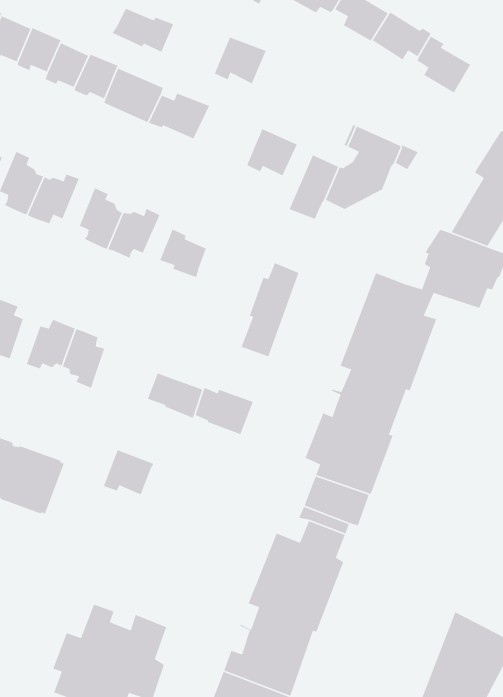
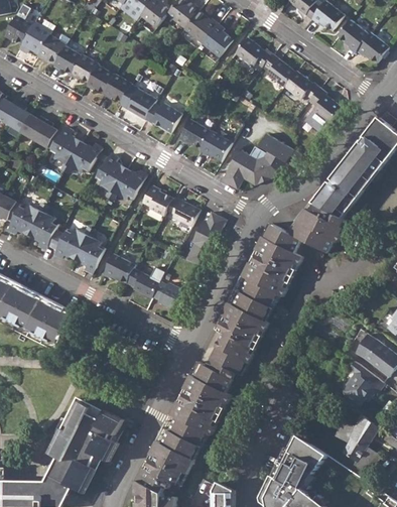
building: [112,8,174,53] -> none
building: [214,36,267,84] -> [178,118,212,148]
building: none -> [164,197,198,226]
building: [103,449,154,495] -> [102,253,134,282]

